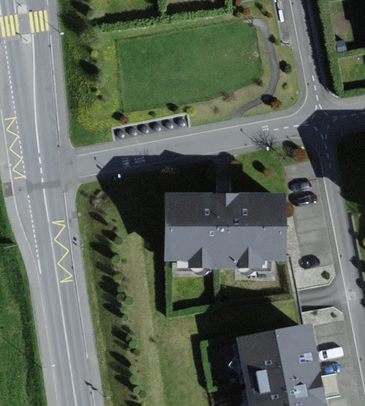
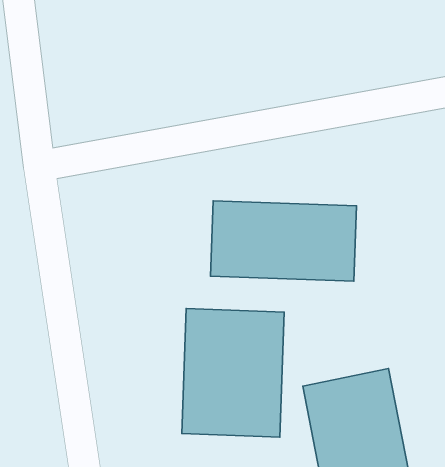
building: none -> [182,309,284,437]

